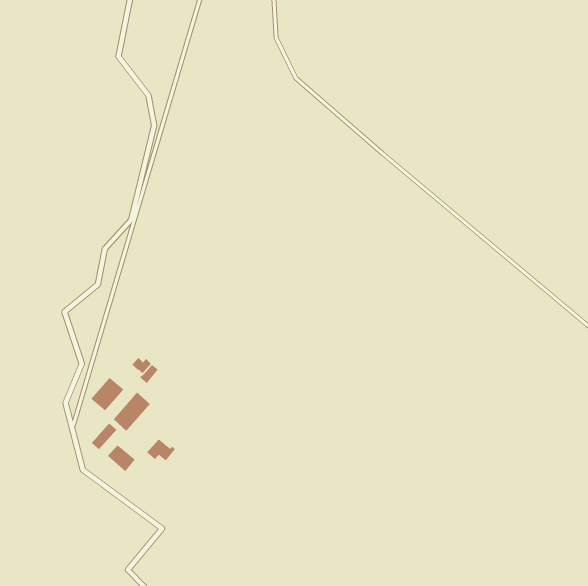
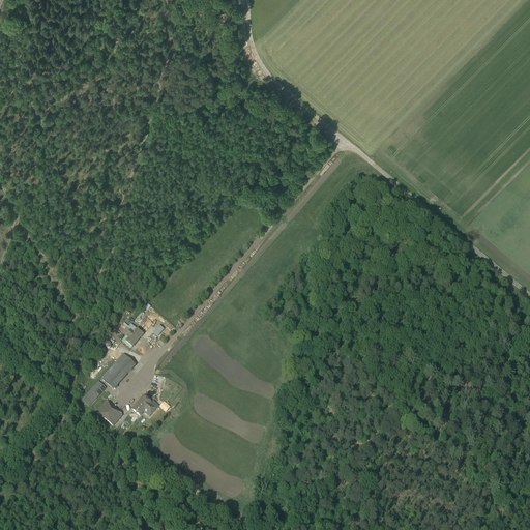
building: [90,377,125,411] -> none

